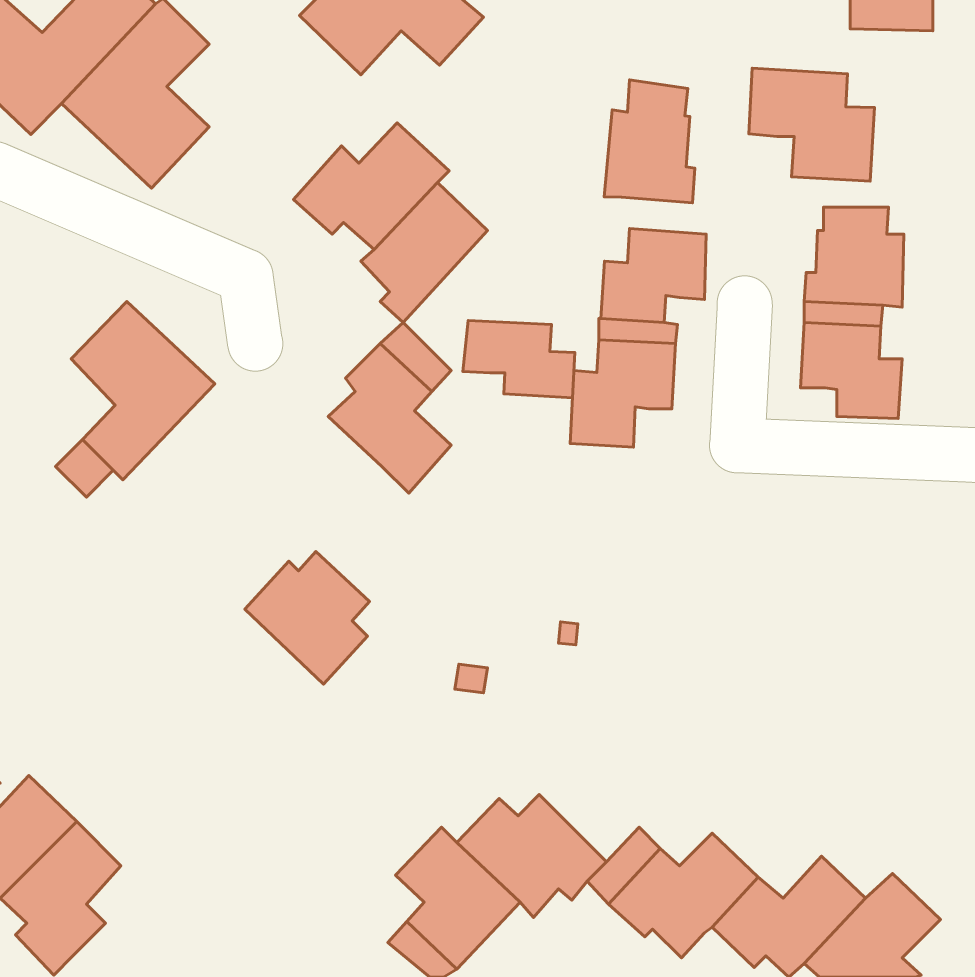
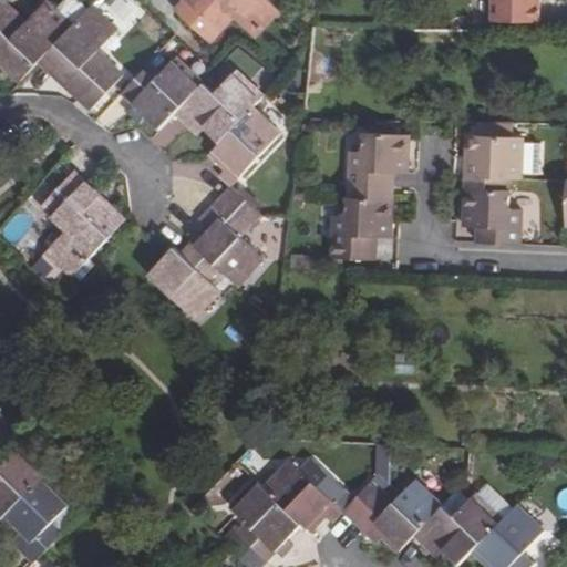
building: [749,68,875,181] -> none
building: [604,80,695,203] -> none
building: none -> [117,59,197,130]
building: [463,320,575,398] -> none
building: [245,552,369,684] -> [148,240,220,317]

